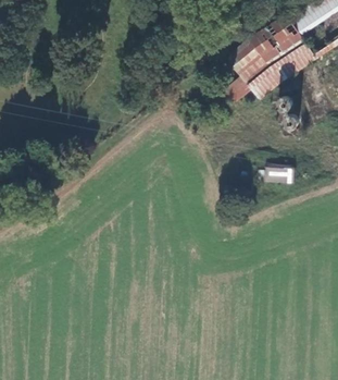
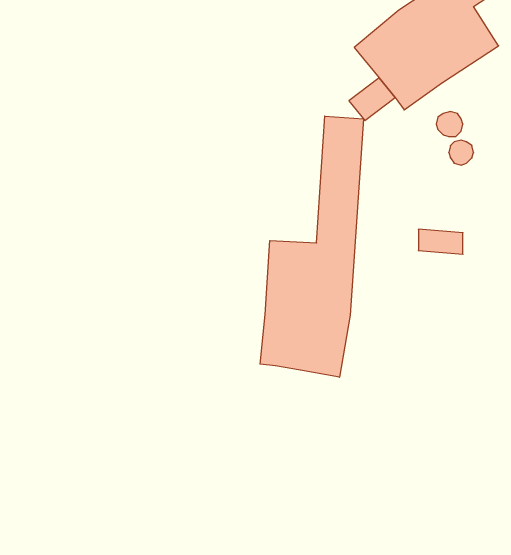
building: none -> [260,116,363,377]

